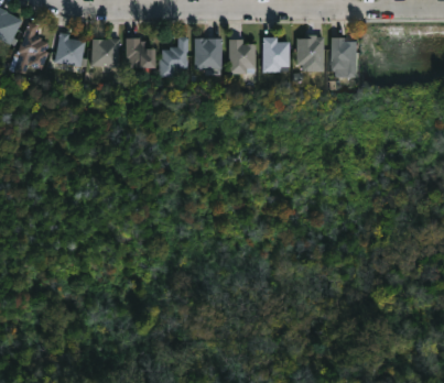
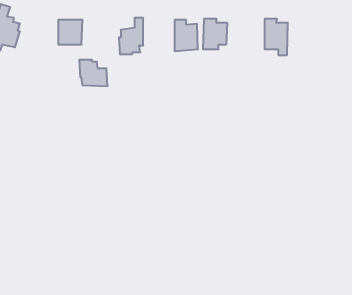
building: [57,32,90,72] -> none
building: [292,36,320,65] -> none
building: [196,37,219,69] -> none
building: [129,39,161,68] -> [79,60,108,86]

